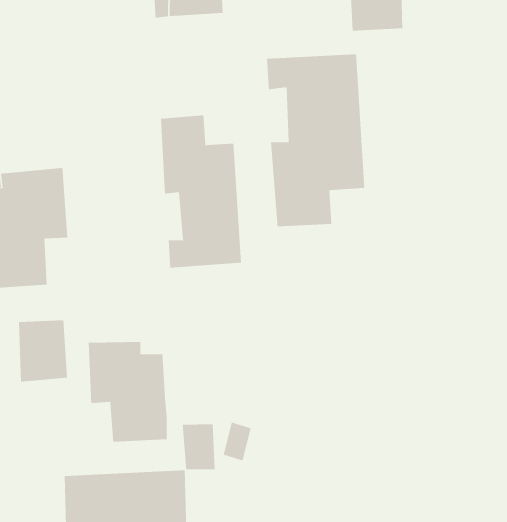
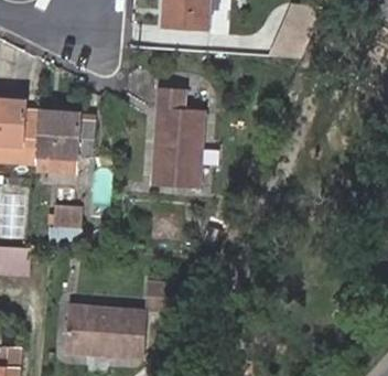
building: [266,53,365,227] -> none
building: [88,341,167,443] -> none

